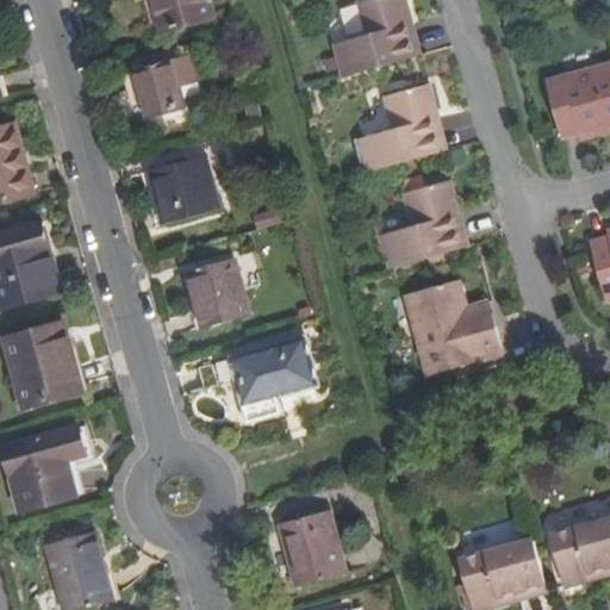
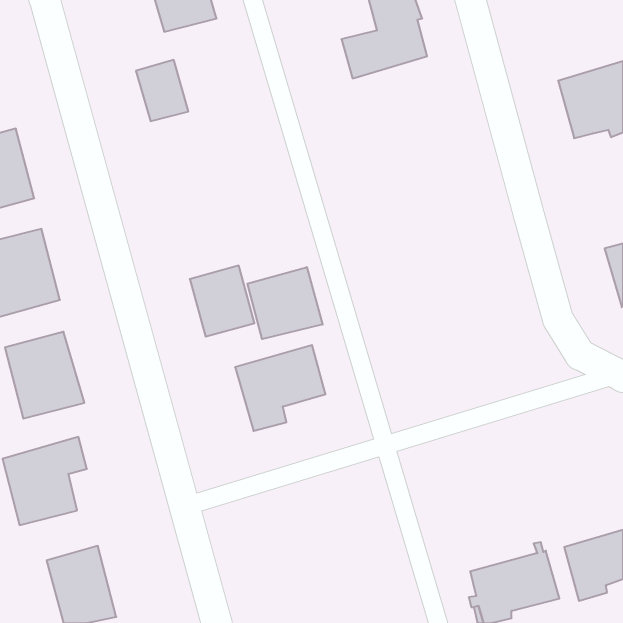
building: [359,82,443,170] -> none
building: [147,155,219,225] -> none
building: [379,180,463,267] -> none
building: none -> [247,267,323,339]
building: [403,279,503,374] -> none
building: [278,510,344,585] -> none

